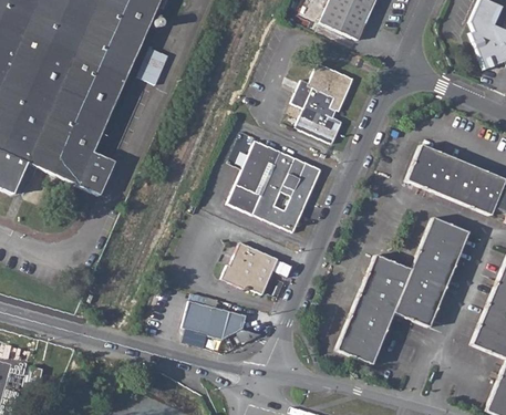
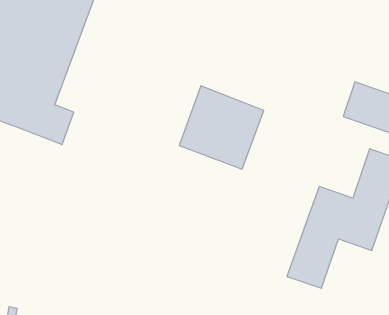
building: [291,63,352,143] -> none
building: [220,241,277,293] -> none
building: [183,300,245,339] -> none

